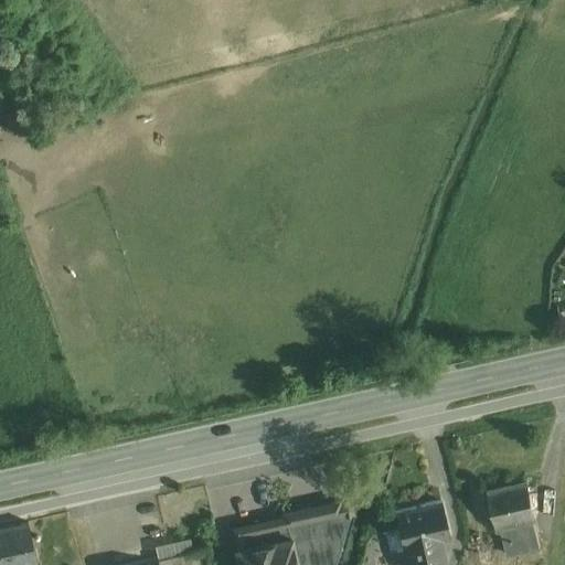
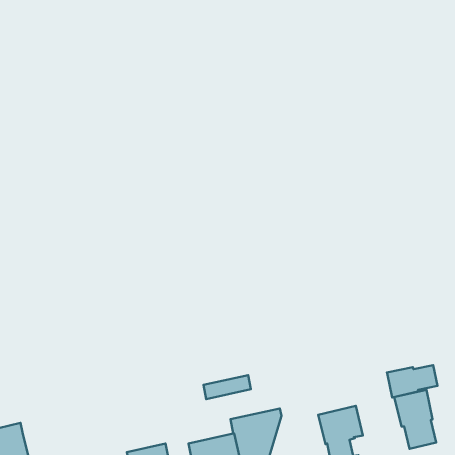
building: none -> [387,365,438,397]
building: [230,520,288,550] -> [203,375,251,399]

